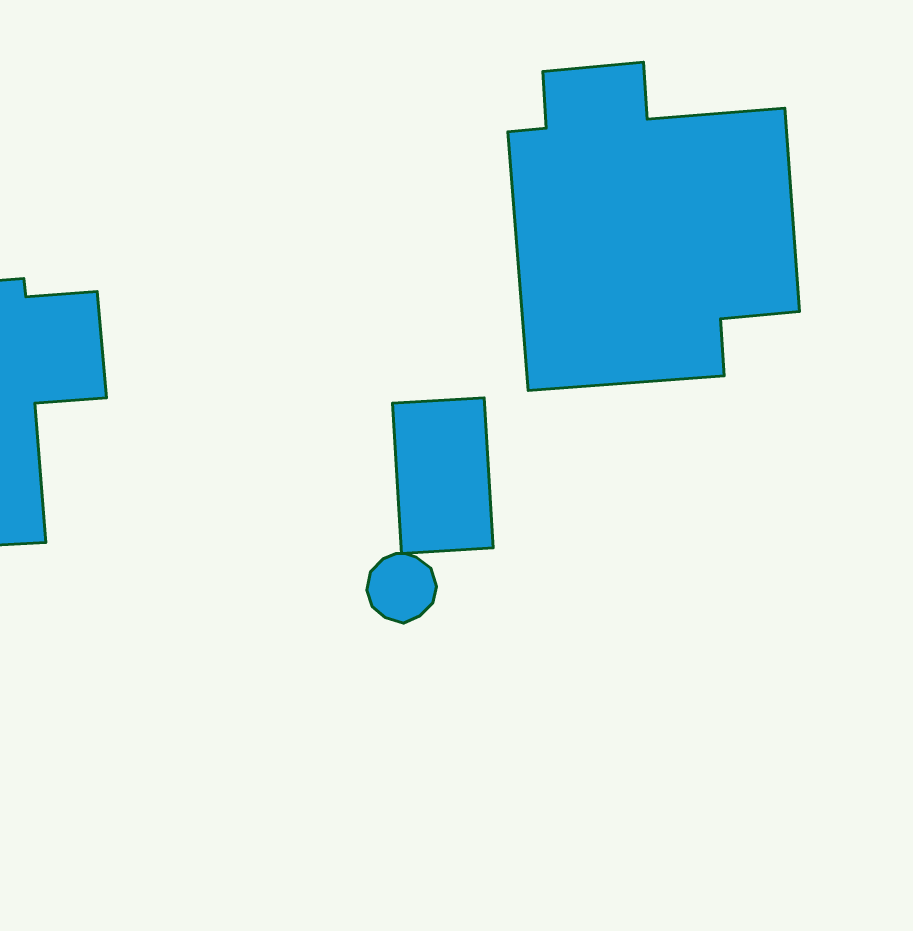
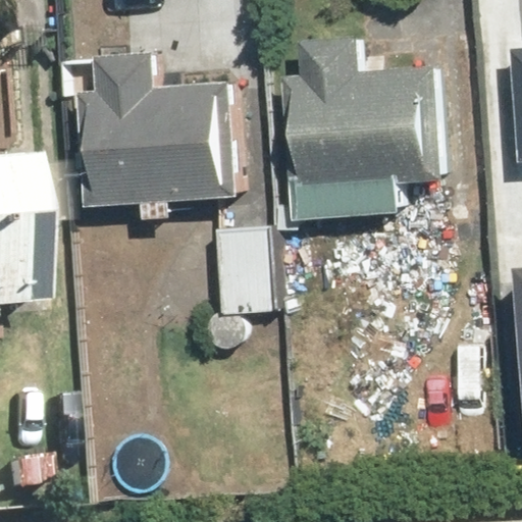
building: none -> [75,50,241,209]

